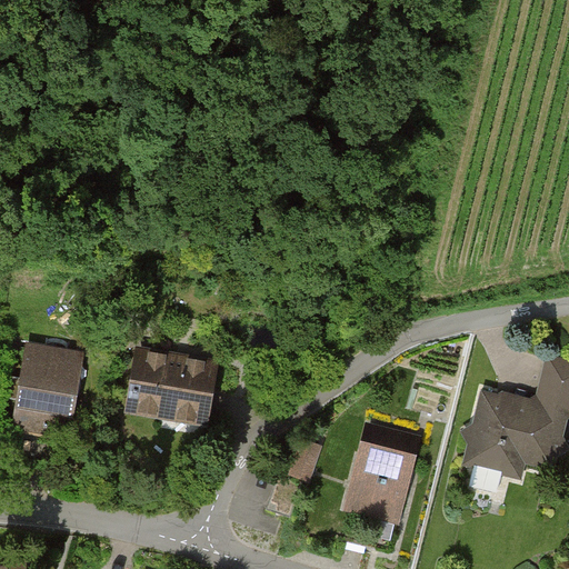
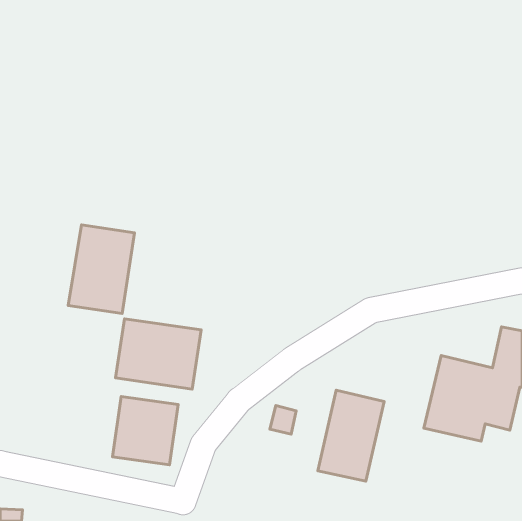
building: [12,341,84,438] -> [68,225,135,314]
building: none -> [112,396,178,465]

